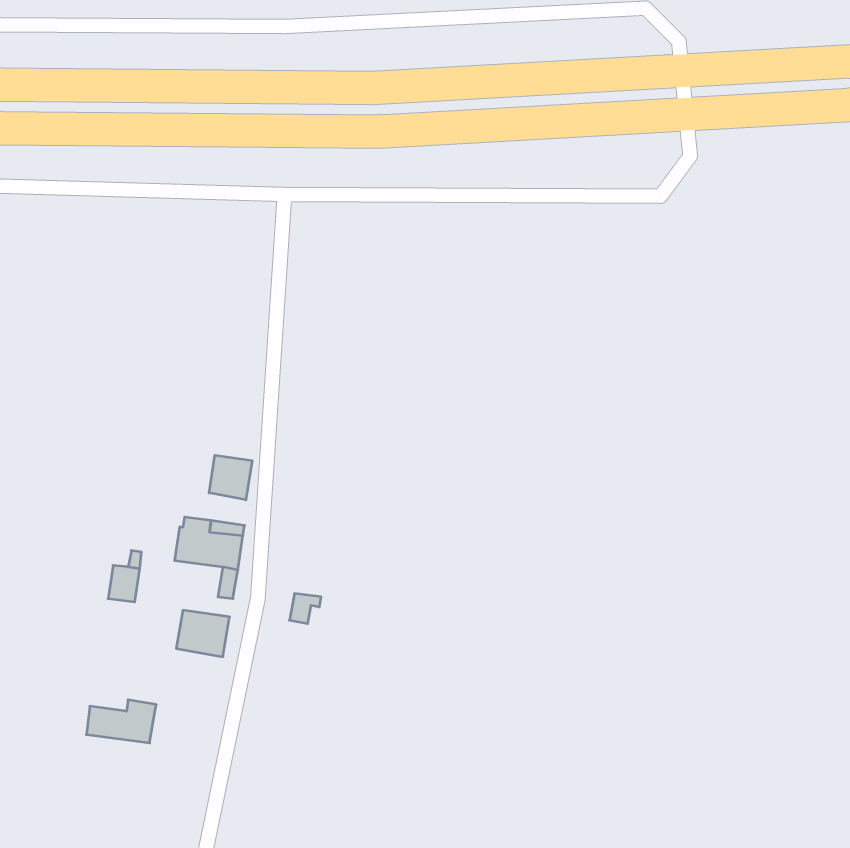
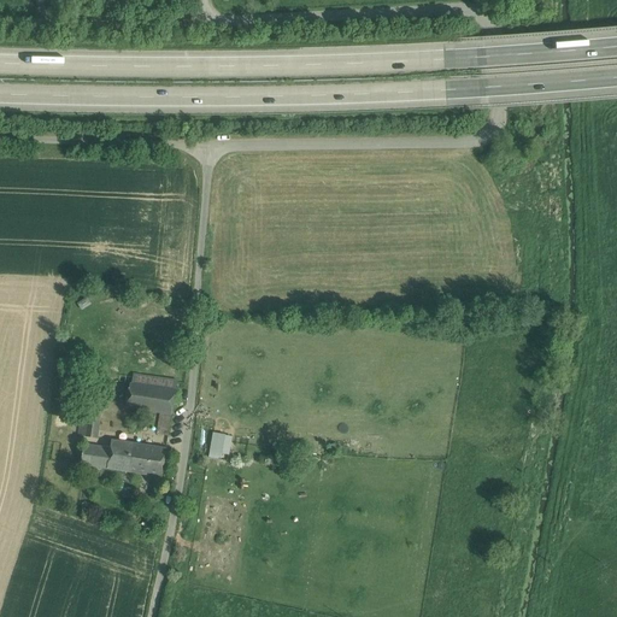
building: [209,455,252,500] -> none
building: [86,700,156,743] -> [82,439,133,470]

